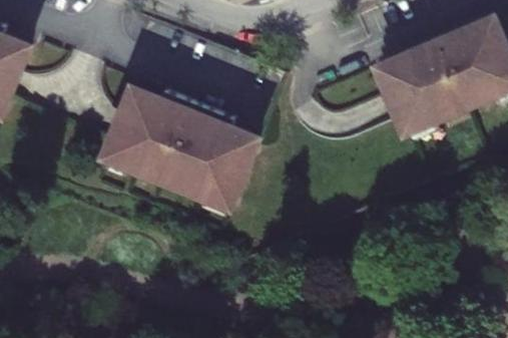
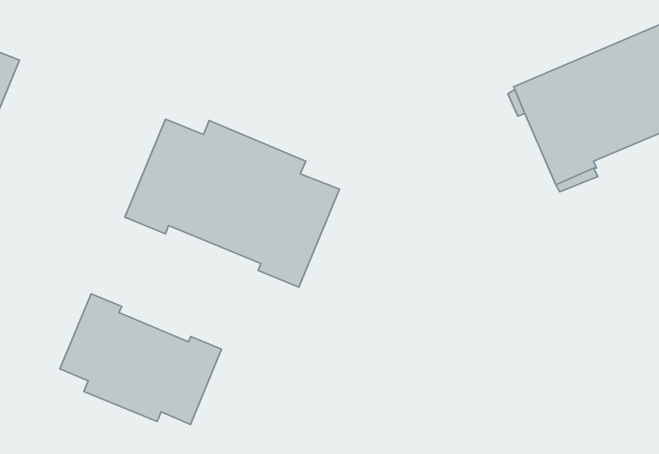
building: none -> [60,294,222,425]

